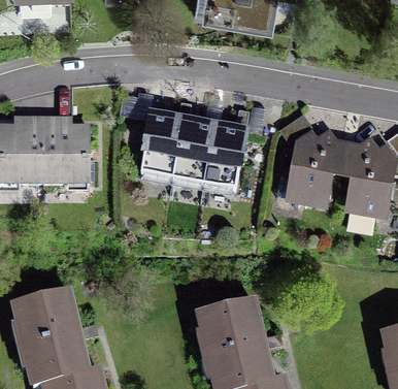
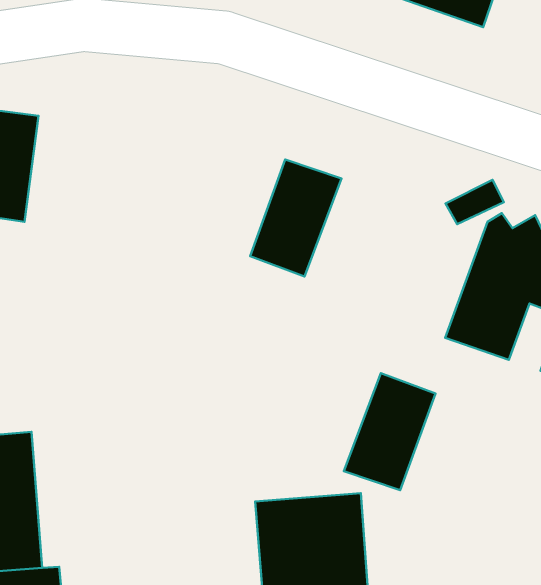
building: [138,114,180,176] -> none
building: [40,118,89,179] -> none
building: [202,125,245,188] -> [344,373,435,490]

